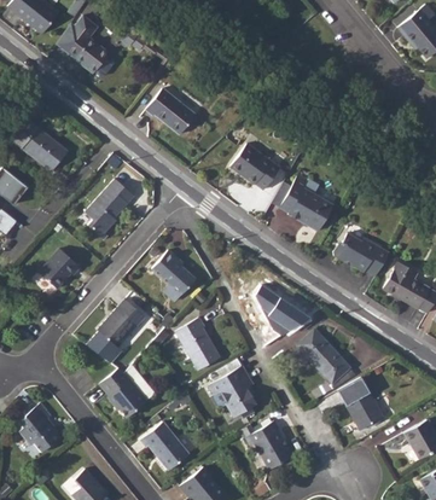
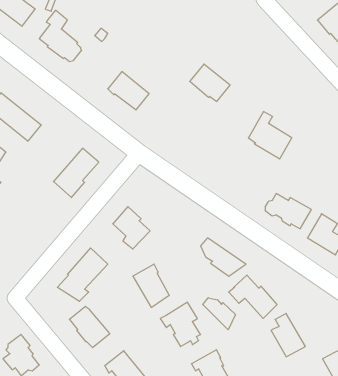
building: [232,145,280,190] -> [190,64,230,101]
building: [281,175,333,232] -> [248,112,292,159]
building: [40,249,82,289] -> none
building: none -> [203,298,235,330]

